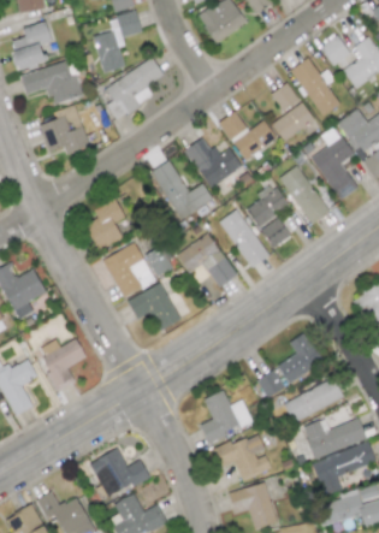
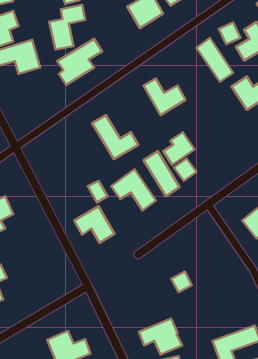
building: [271,82,315,141] -> none
building: [40,116,90,154] -> none
building: [312,126,359,200] -> none
building: [185,137,243,188] -> none
building: [282,165,328,224] -> none
building: [88,199,130,249] -> none
building: [103,242,155,297] -> none
building: [278,333,321,383] -> none
building: [39,338,87,390] -> none
building: [284,378,343,422] -> none
building: [201,390,253,442] -> none
building: [306,413,367,458] -> none

